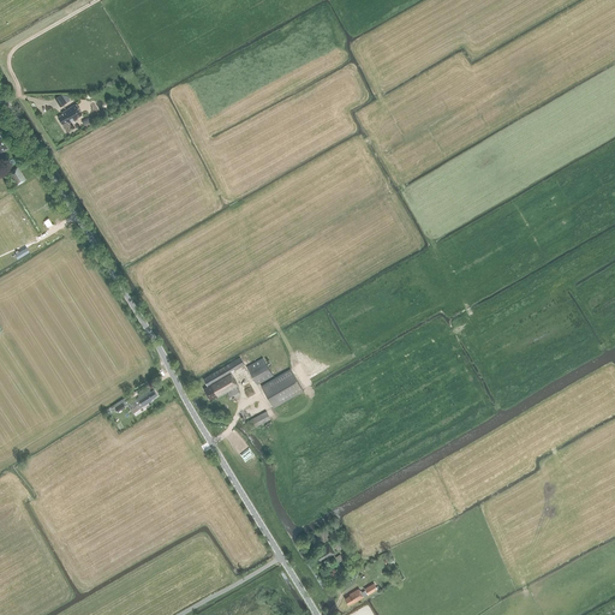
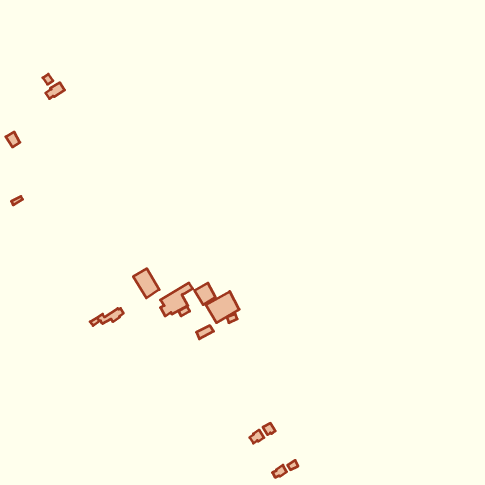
building: none -> [133,269,159,298]

